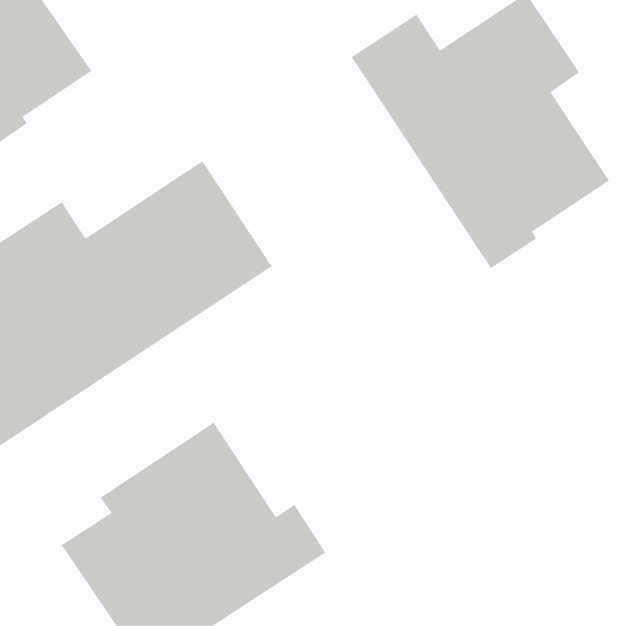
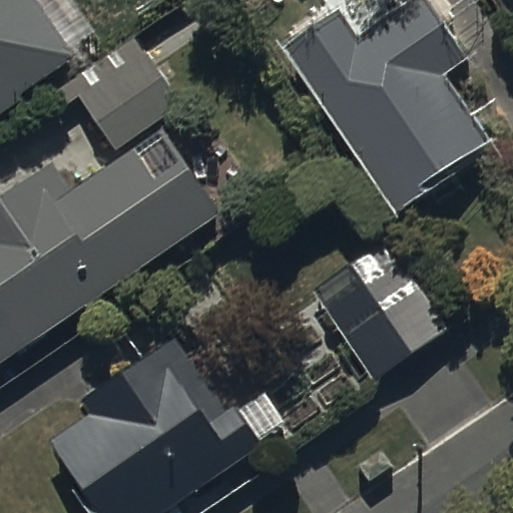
building: none -> [52,31,183,149]
building: none -> [322,253,450,380]

